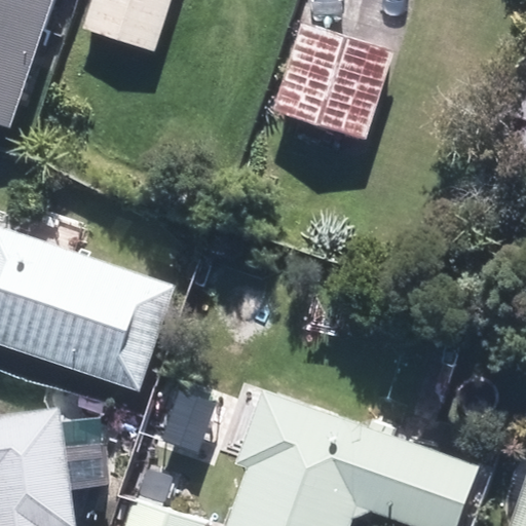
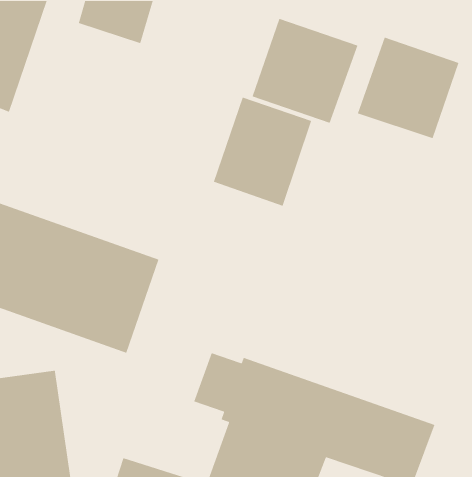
building: none -> [357,36,460,139]
building: none -> [213,96,312,207]

